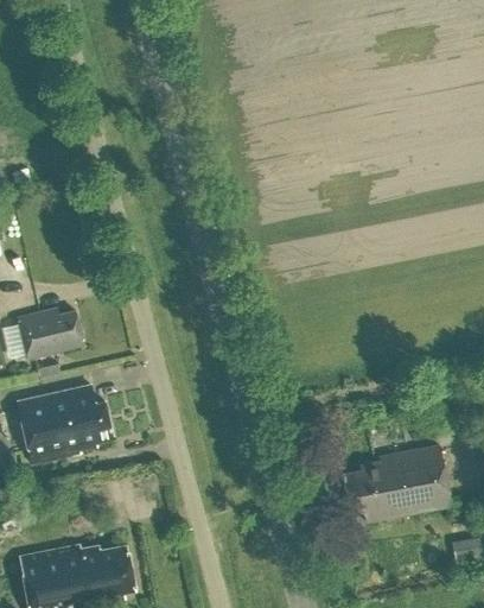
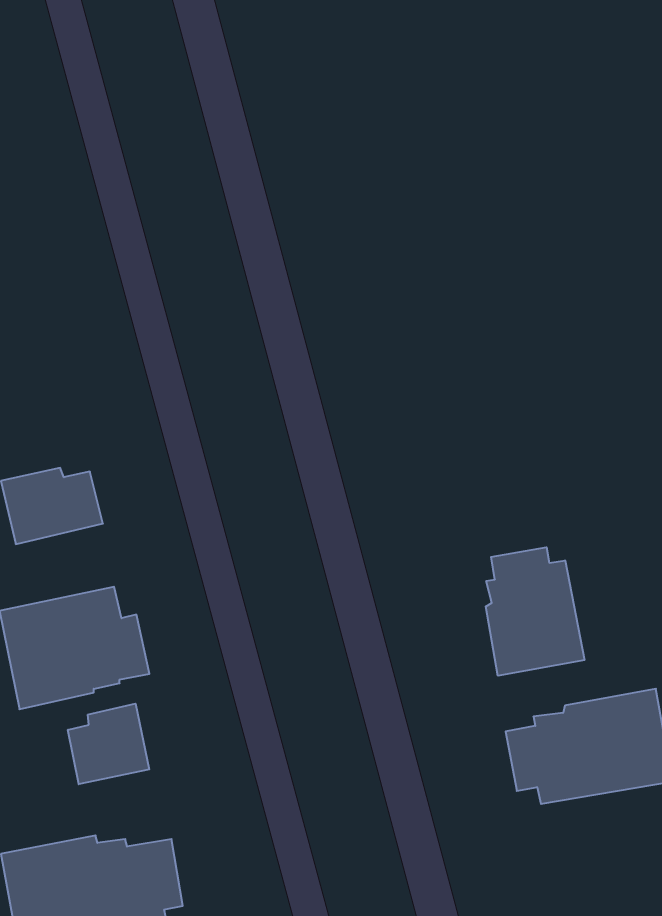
building: none -> [486,547,584,676]
building: none -> [68,704,149,784]

